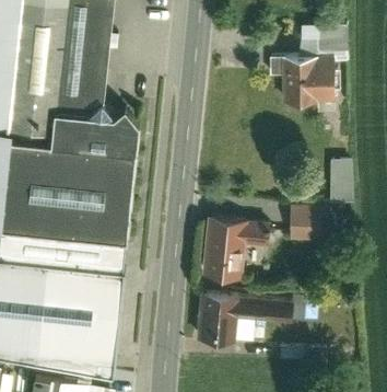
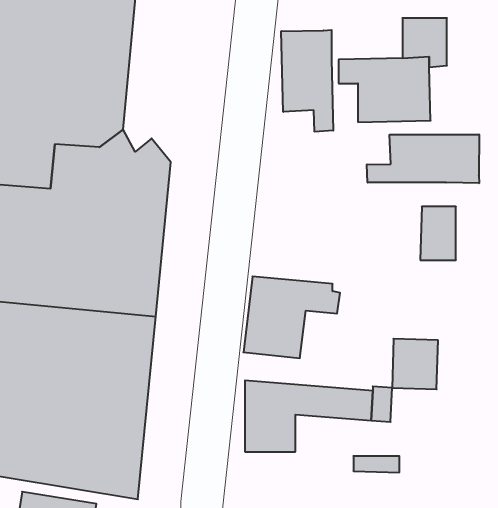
building: none -> [281,30,333,132]
building: none -> [367,134,479,183]
building: [285,204,319,241] -> [392,339,438,389]

